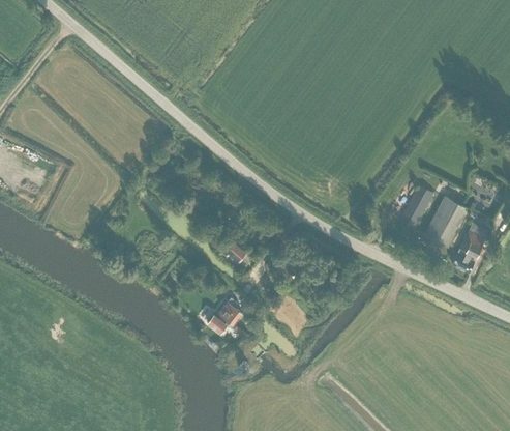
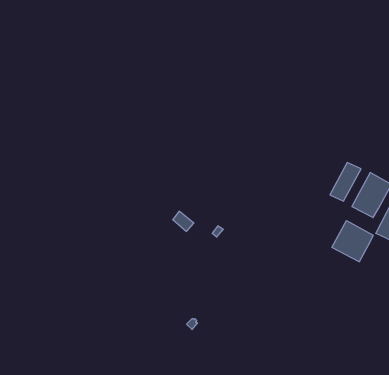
building: none -> [332,221,373,262]
building: [206,297,241,333] -> none

